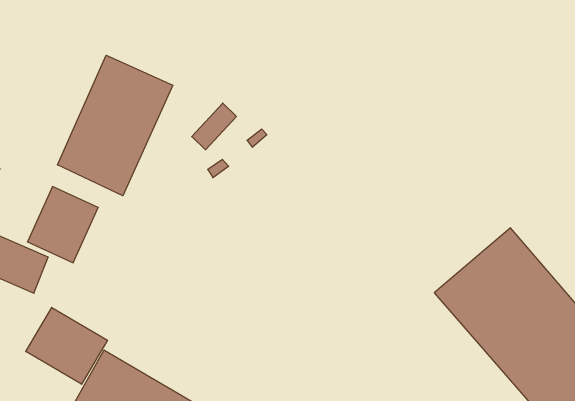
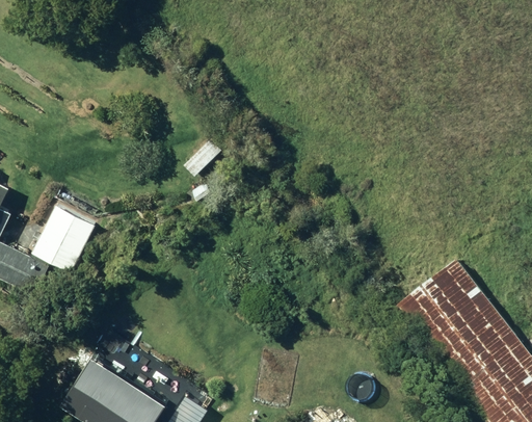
building: [57,55,173,196] -> none
building: [26,307,107,384] -> none

